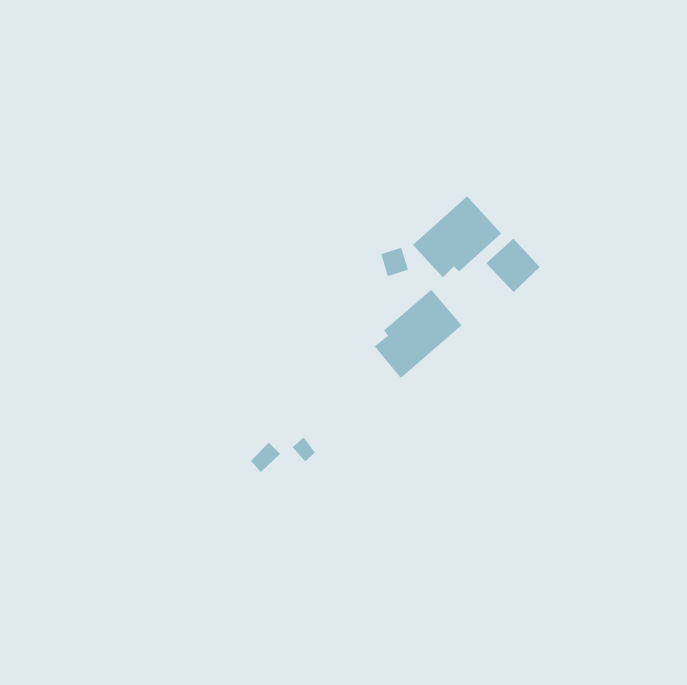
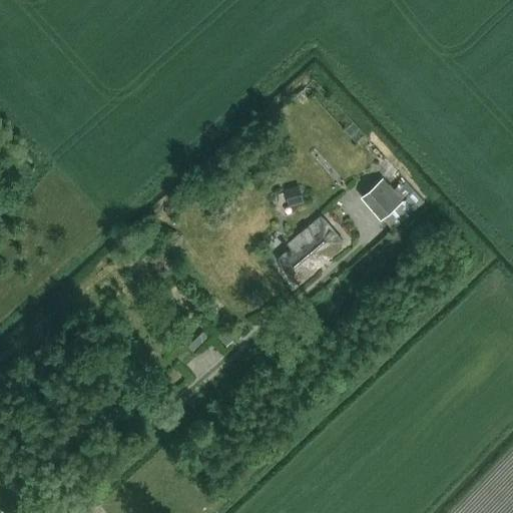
building: [412,196,502,278] -> none

